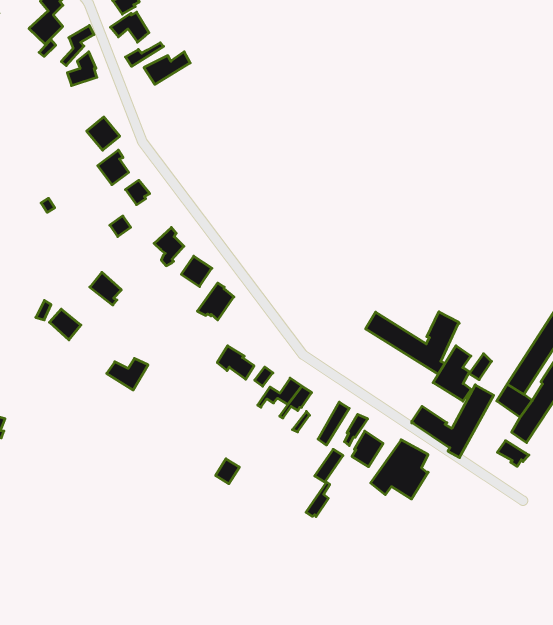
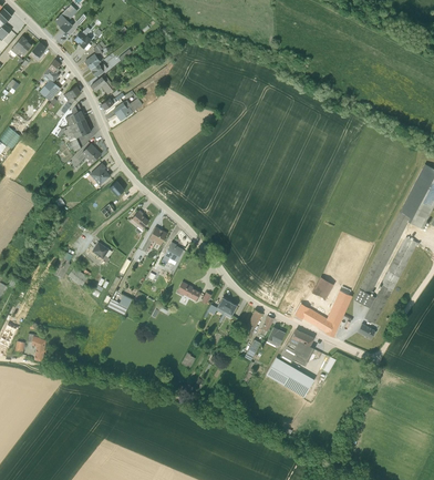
building: none -> [63,119,91,152]
building: [366,312,459,374] -> none
building: none -> [266,356,314,396]

